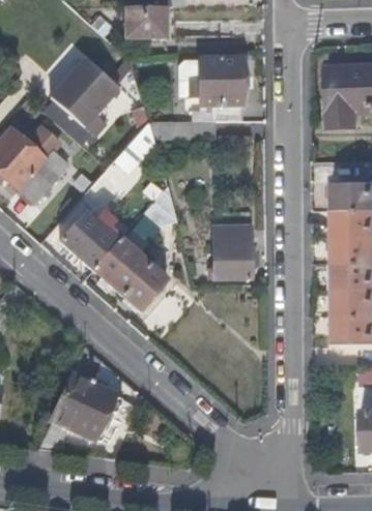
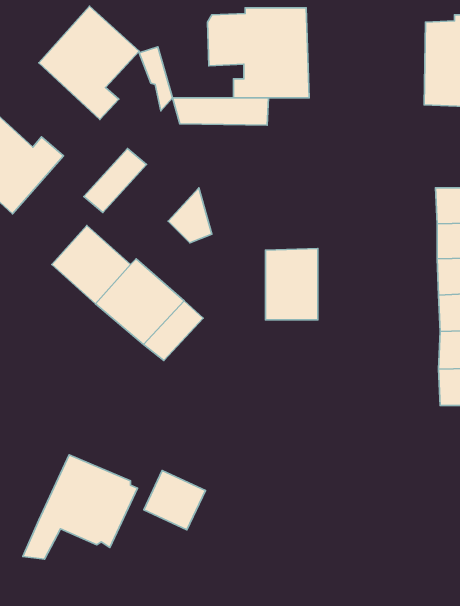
building: none -> [144,471,205,530]

